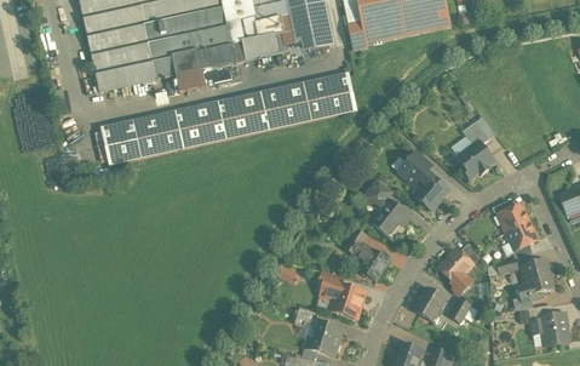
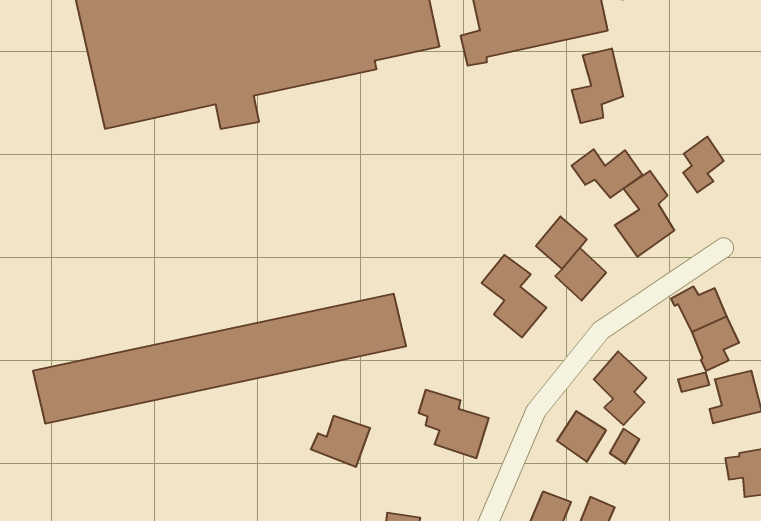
building: none -> [572,48,623,123]
building: [101,75,358,165] -> [33,294,406,423]
building: none -> [683,137,724,193]
building: none -> [572,149,643,198]
building: [340,228,390,280] -> none
building: [303,321,344,356] -> [311,416,370,467]

